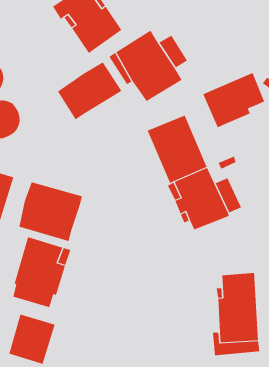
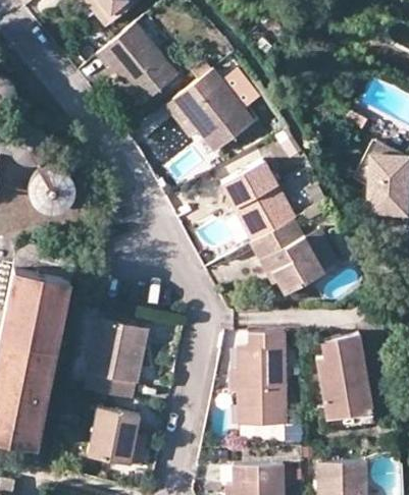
building: [57,62,122,120] -> none
building: [203,72,265,128] -> none
building: [19,181,82,242] -> none
building: none -> [238,332,287,425]

